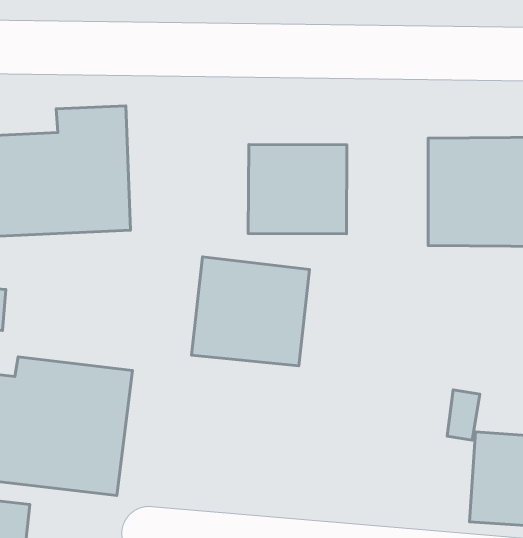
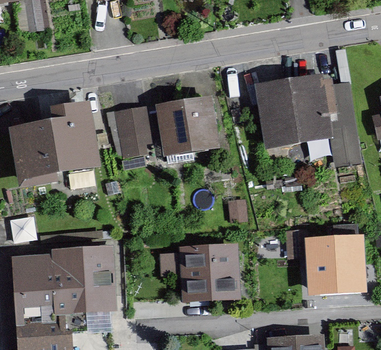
building: none -> [117,106,153,148]
building: [191,257,310,366] -> [179,242,242,300]

